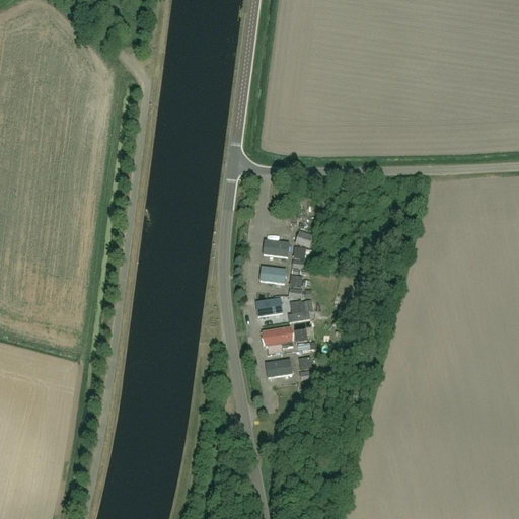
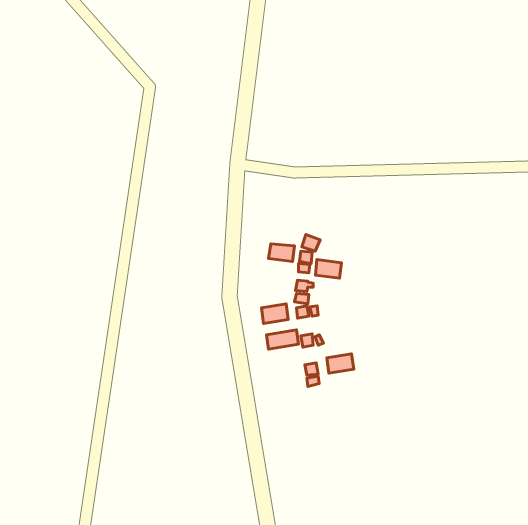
building: [261,266,286,284] -> [316,260,341,278]
building: [267,359,293,378] -> [327,354,354,373]

